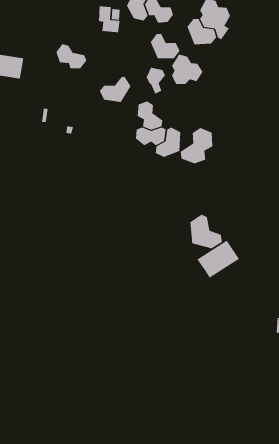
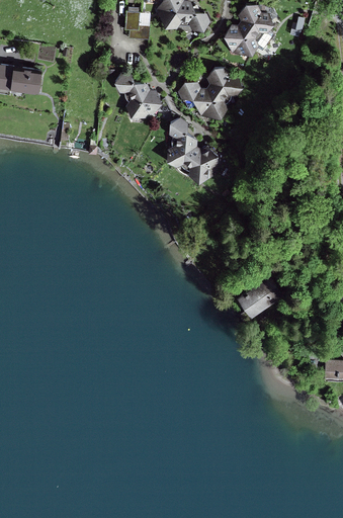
building: [150,34,181,59] -> [193,89,228,117]
building: [55,44,87,69] -> [114,72,150,100]
building: [180,127,213,164] -> none
building: [190,214,223,249] -> none

